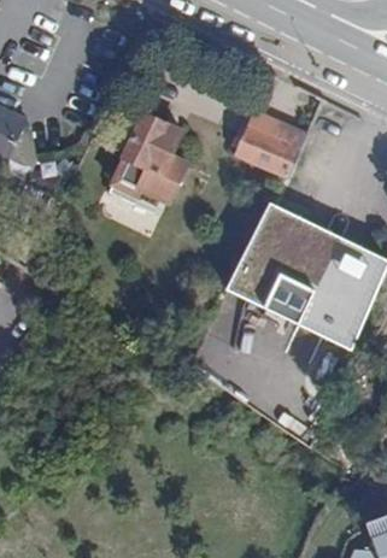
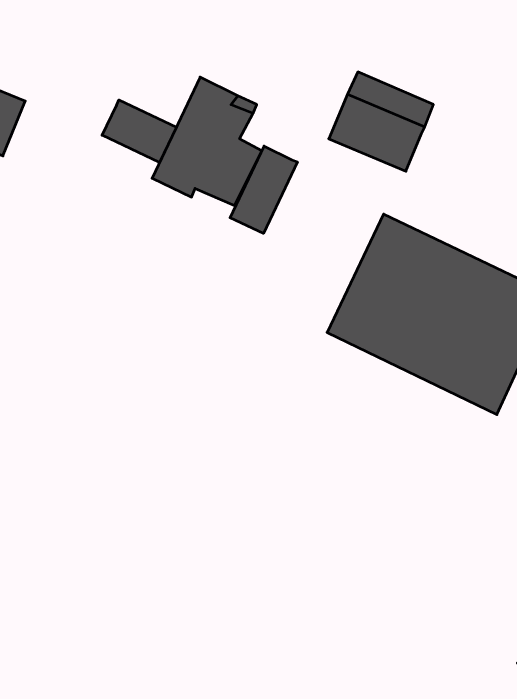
building: none -> [102,100,176,162]
building: none -> [230,146,297,233]

